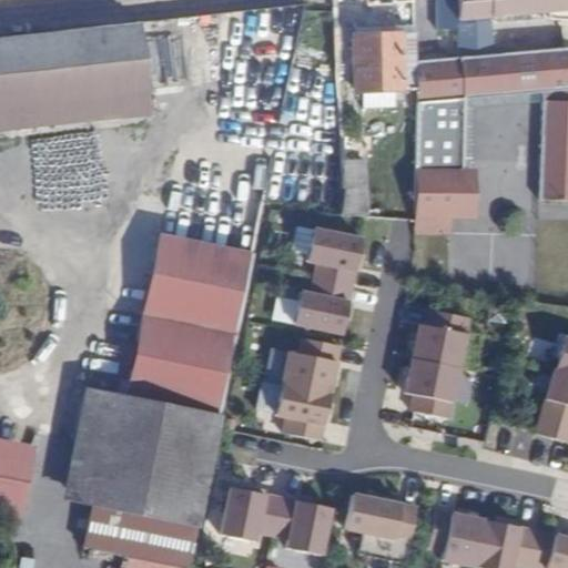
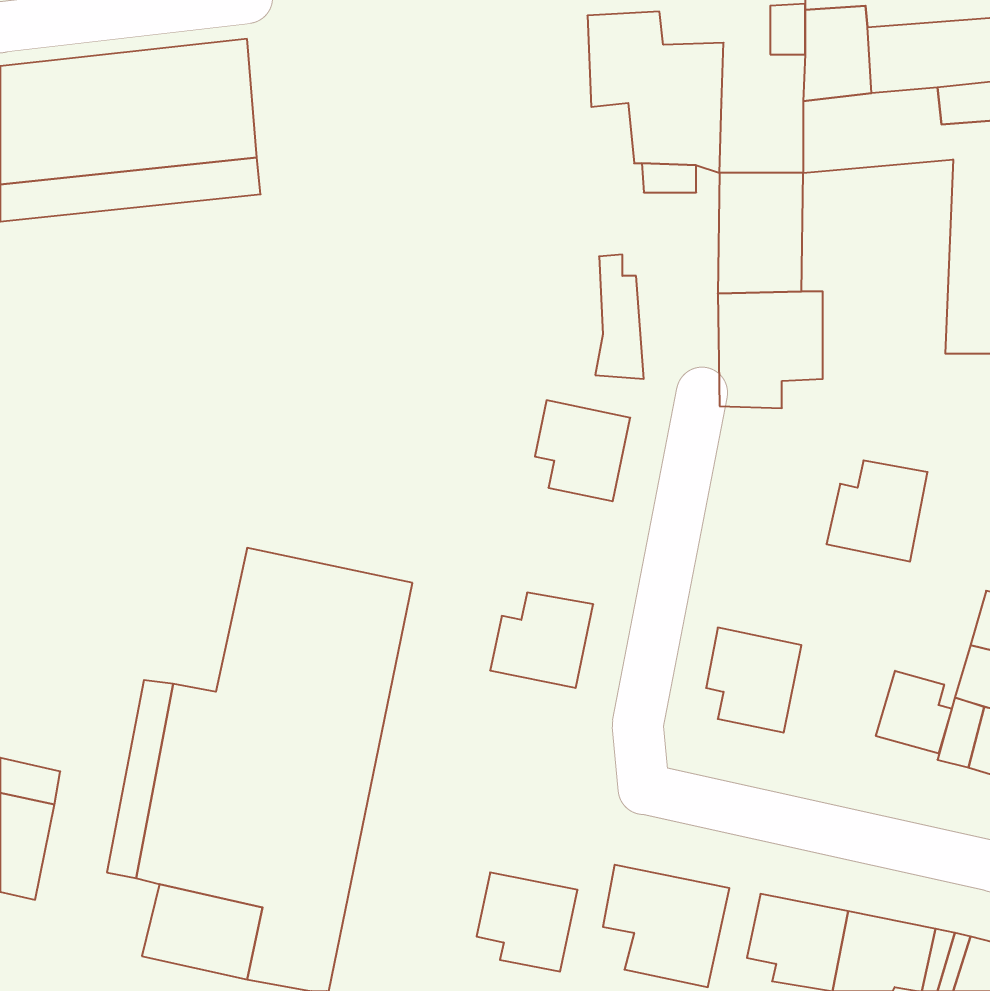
building: [413,58,460,99] -> none
building: [143,233,254,333] -> none
building: [294,278,352,333] -> none
building: [412,311,469,368] -> [826,460,928,562]
building: [276,383,331,440] -> none
building: none -> [876,671,952,754]
building: [221,487,282,541] -> none

